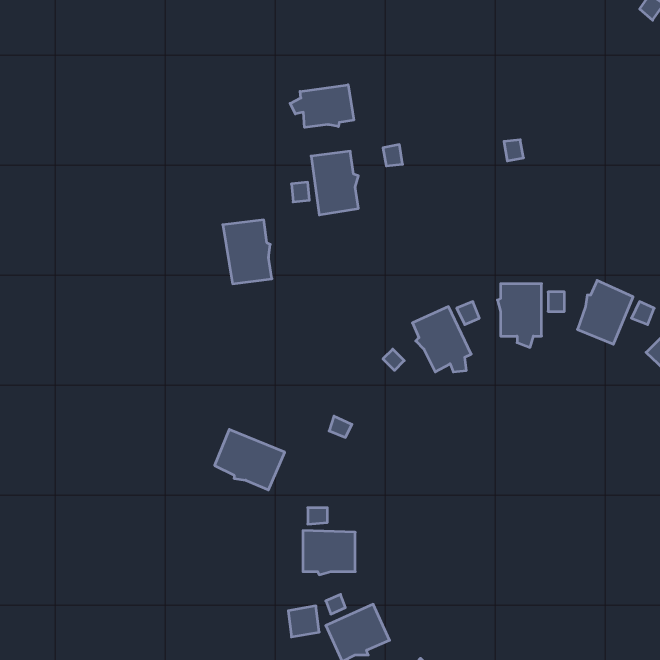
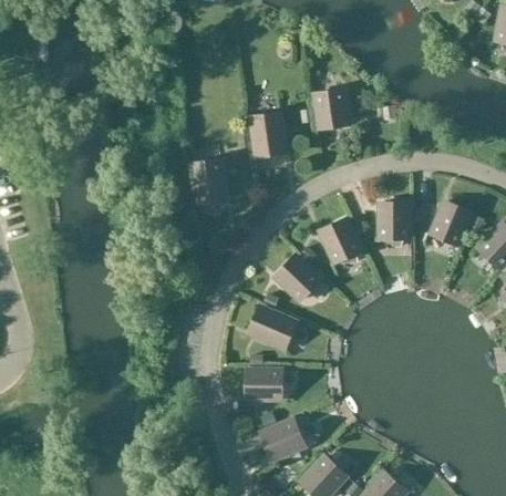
building: [290,85,354,127] -> none
building: none -> [314,90,347,130]
building: none -> [275,257,320,301]
building: [215,429,285,490] -> [248,308,296,349]

